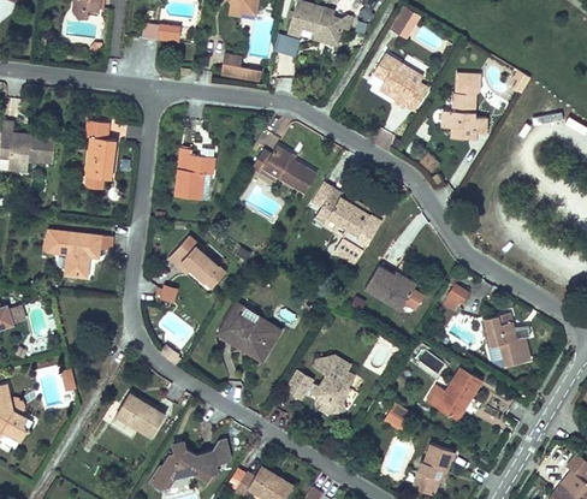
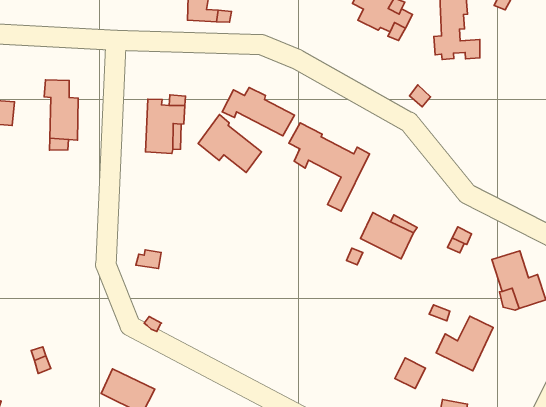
building: [43,230,117,279] -> none
building: [171,234,229,290] -> [198,115,262,173]
building: [219,302,285,364] -> none
building: [286,355,358,416] -> none

